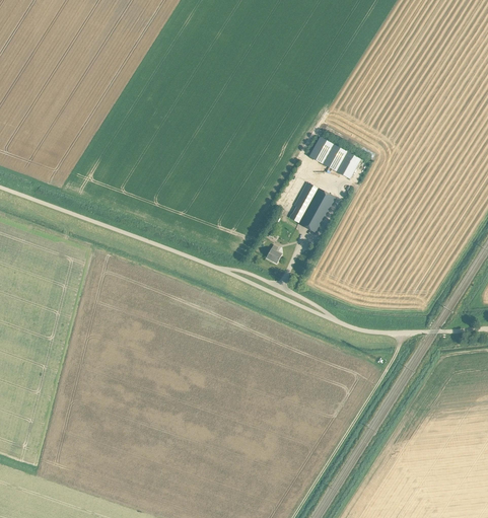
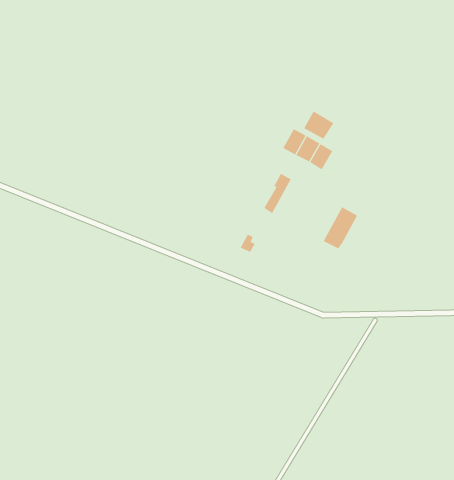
building: none -> [303,110,334,140]
building: [298,188,334,231] -> [323,207,358,249]

